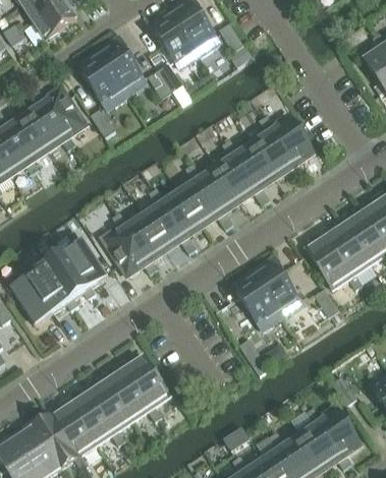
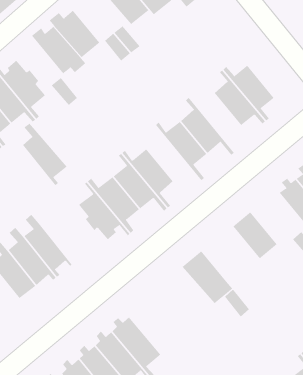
building: [227,138,276,201] -> none
building: [179,165,230,228] -> none
building: [64,229,107,295] -> [22,123,67,186]
building: [235,275,284,330] -> [182,250,233,304]

